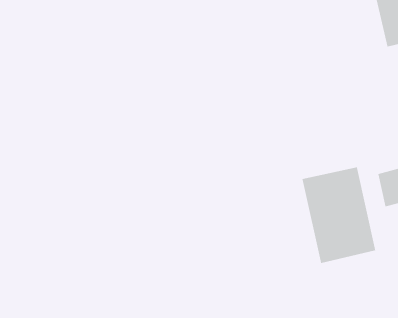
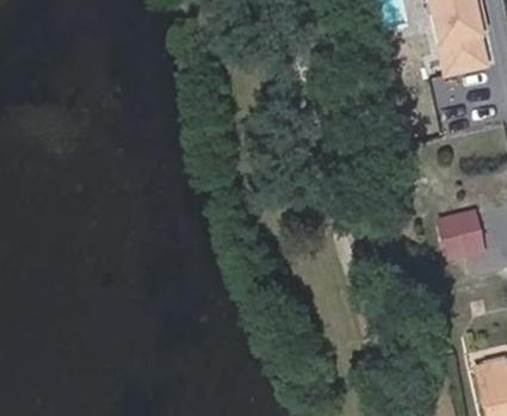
building: [302,167,376,264] -> none

